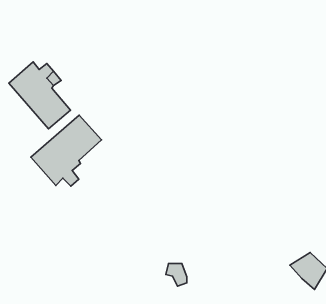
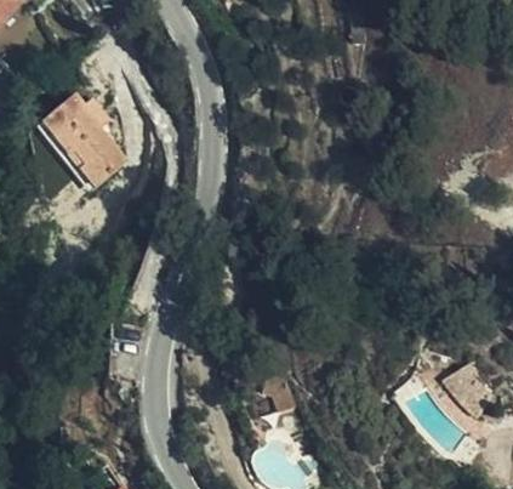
building: [31,115,101,186] -> none

